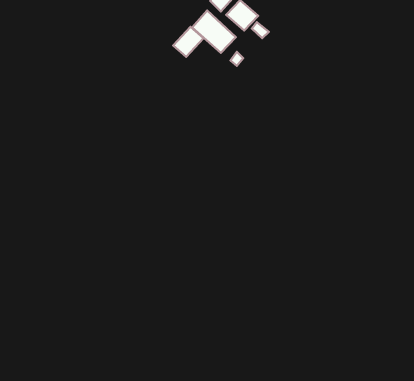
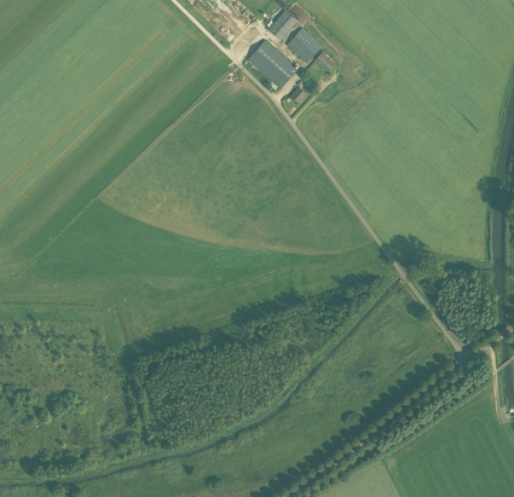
building: [173,27,204,57] -> none

